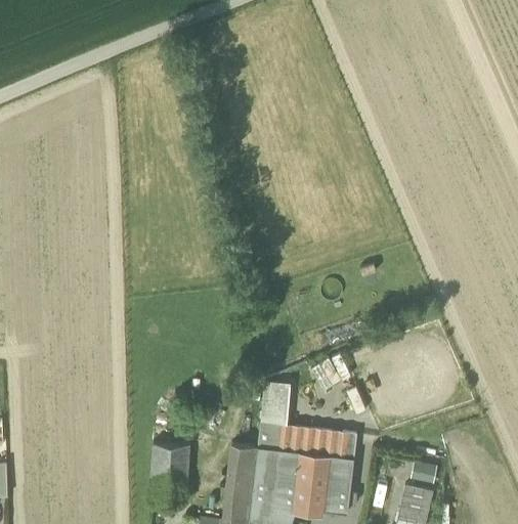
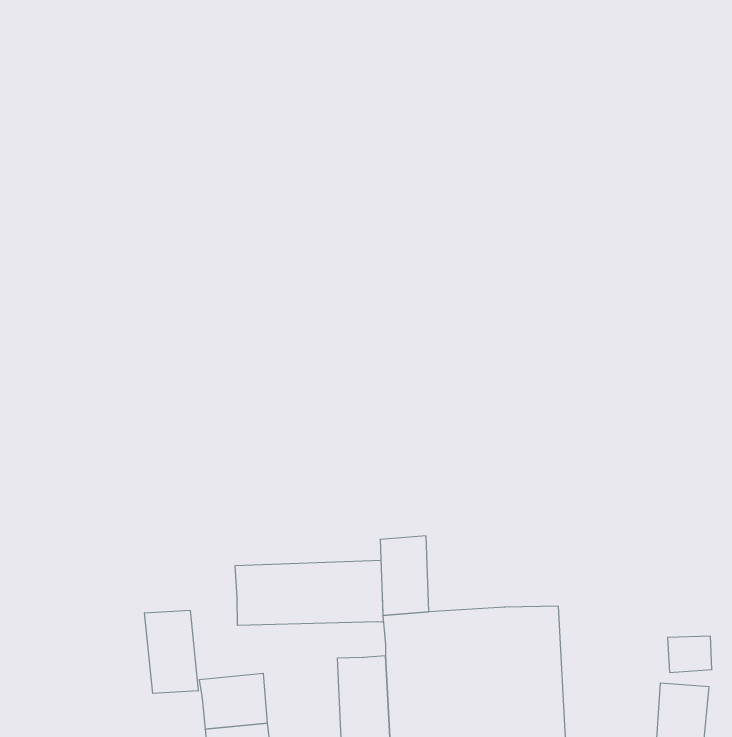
building: none -> [235,560,383,625]
building: none -> [145,610,198,693]

